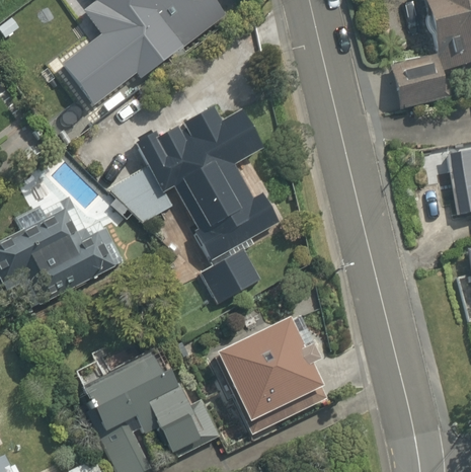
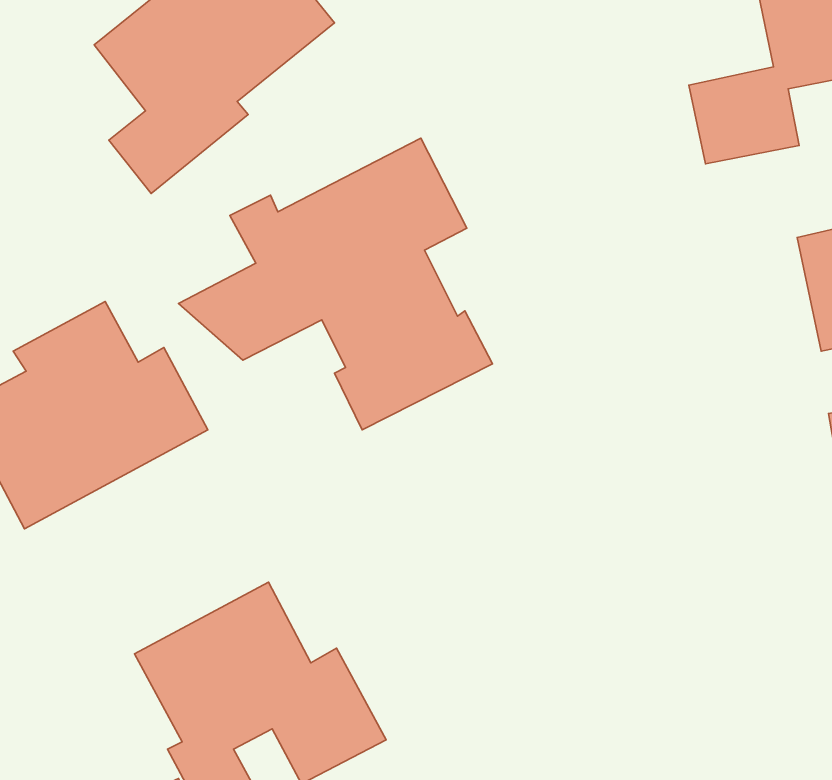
building: [199,246,264,306] -> none
building: [220,309,325,419] -> none

